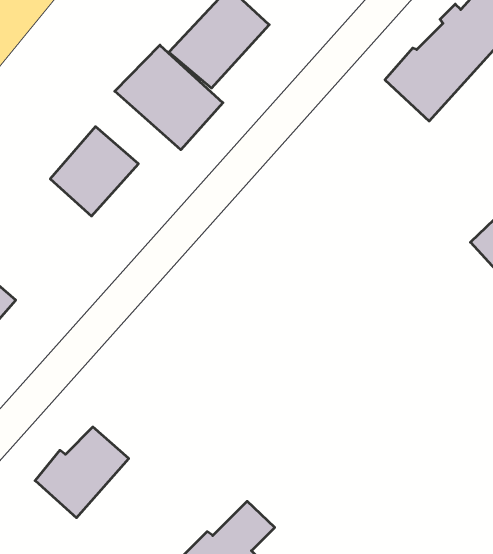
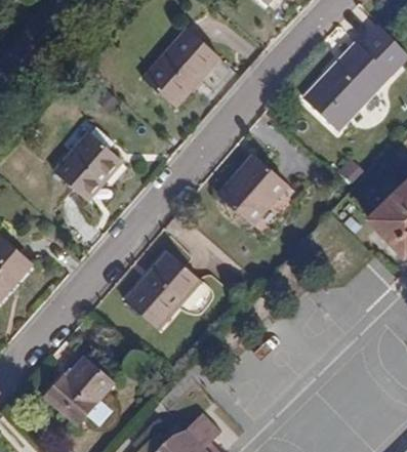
building: [115,45,223,150] -> none
building: none -> [219,155,288,224]
building: none -> [127,251,201,329]

